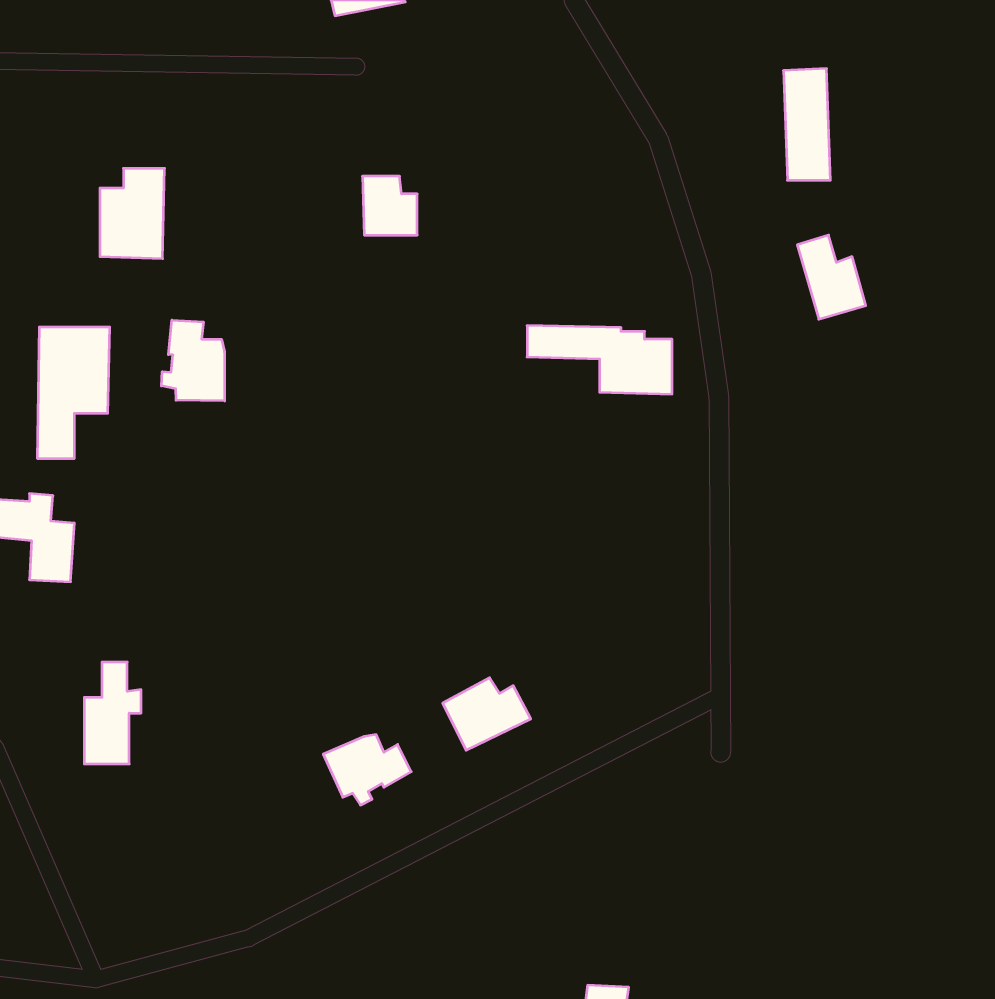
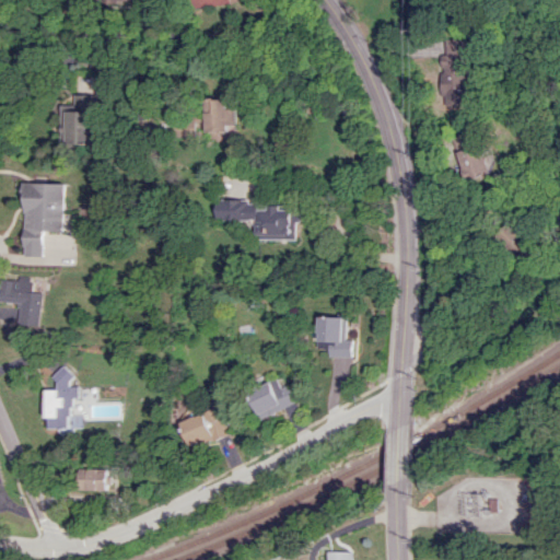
building: [161,320,225,401] -> none
building: [527,326,672,394] -> [213,202,294,241]
building: none -> [315,317,352,358]
building: none -> [78,469,107,491]

